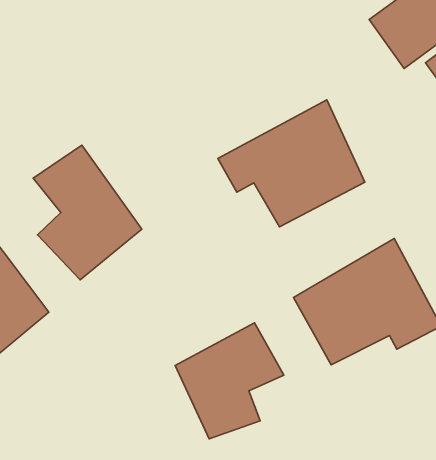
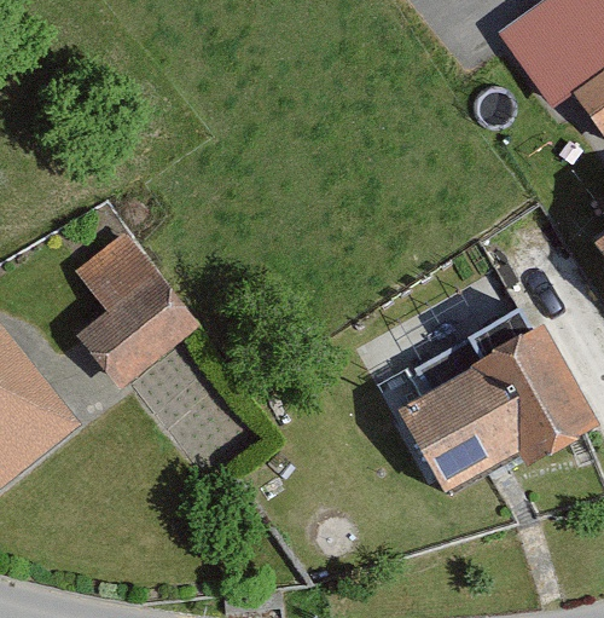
building: [218,100,365,227] -> none
building: [175,323,284,439] -> none

